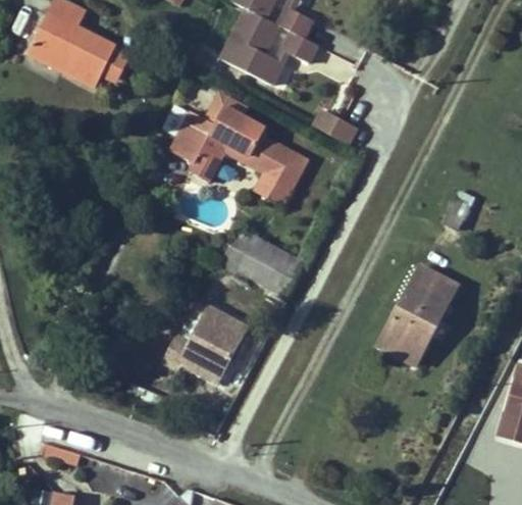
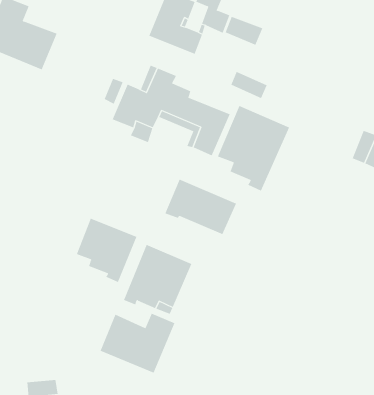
building: none -> [217,105,290,192]
building: none -> [76,218,137,283]
building: [379,266,456,364] -> none
building: none -> [100,313,175,373]

